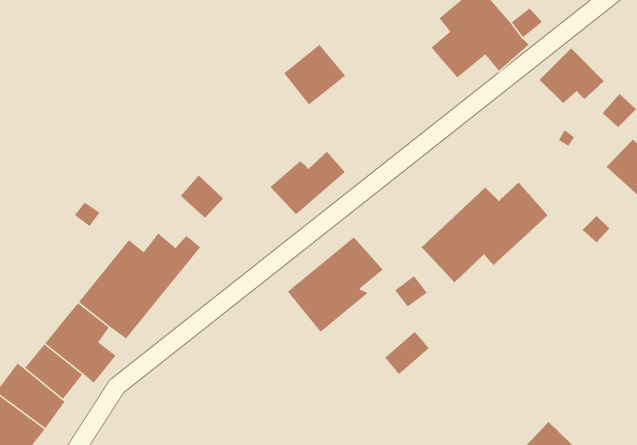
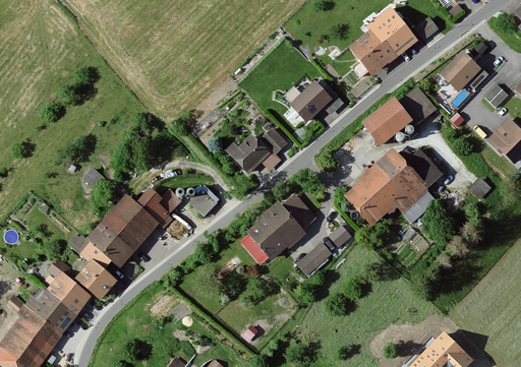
building: [283,44,346,105] -> [286,76,334,123]
building: none -> [362,89,436,144]
building: [180,174,224,219] -> [183,179,217,212]
building: [384,331,430,375] -> [297,239,332,272]

